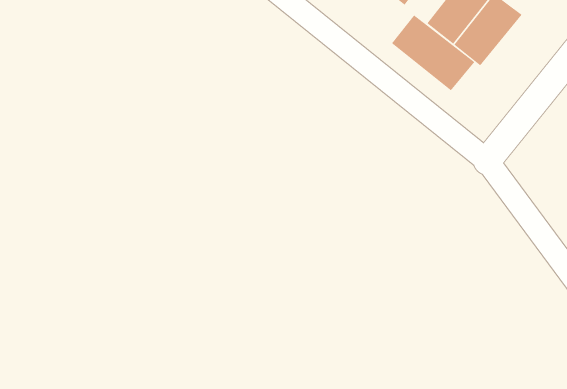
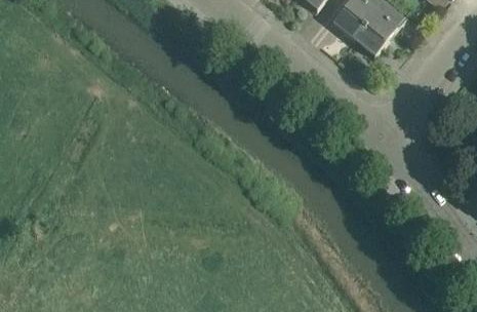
building: [391,15,475,91] -> none

